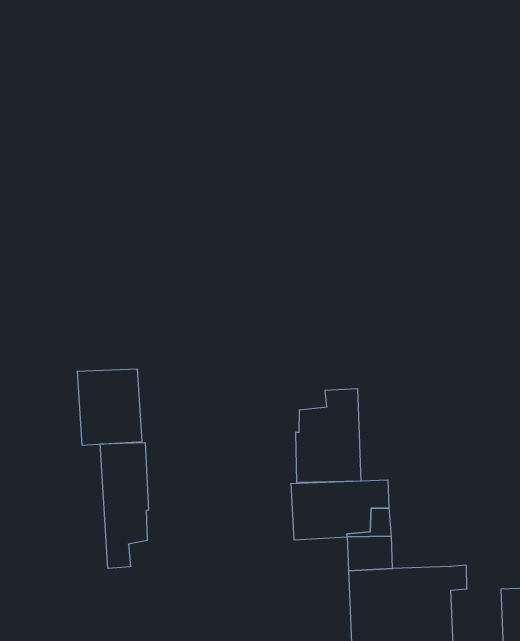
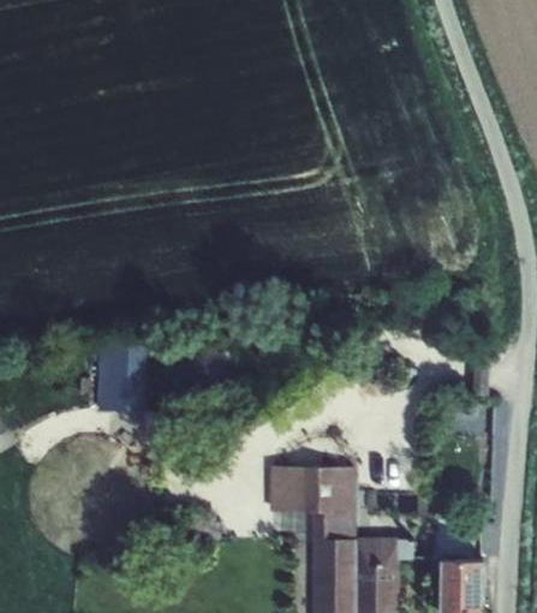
building: [296,389,361,483] -> none
building: [100,443,149,568] -> none

